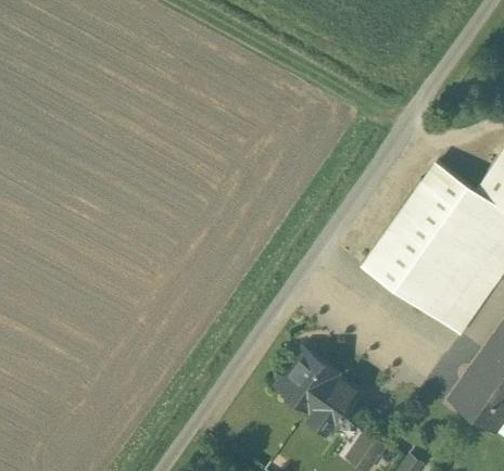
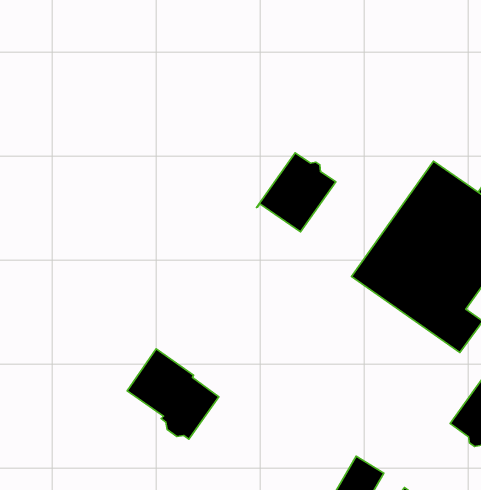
building: none -> [257,153,336,232]
building: [276,349,358,431] -> [127,349,219,439]

